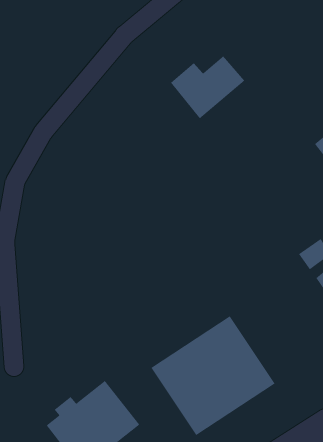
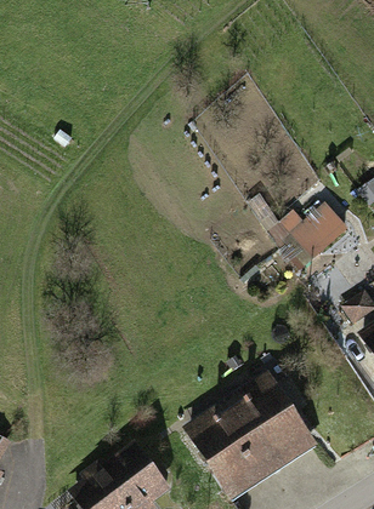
building: [170,56,245,119] -> [270,201,350,269]

